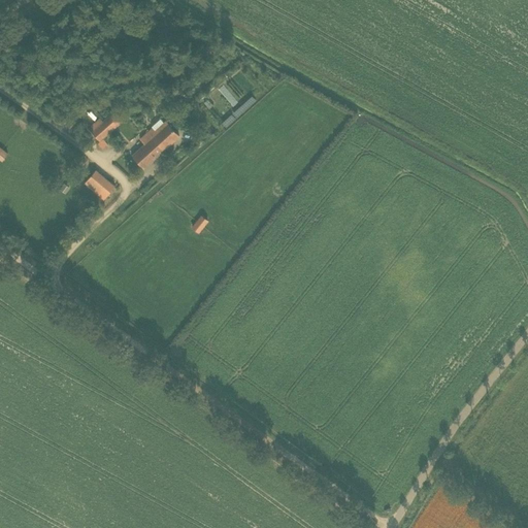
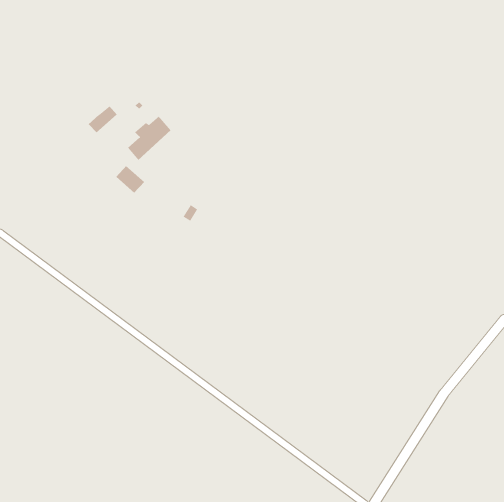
building: [84,170,114,200] -> [115,165,145,194]

